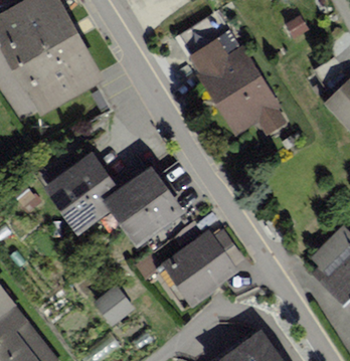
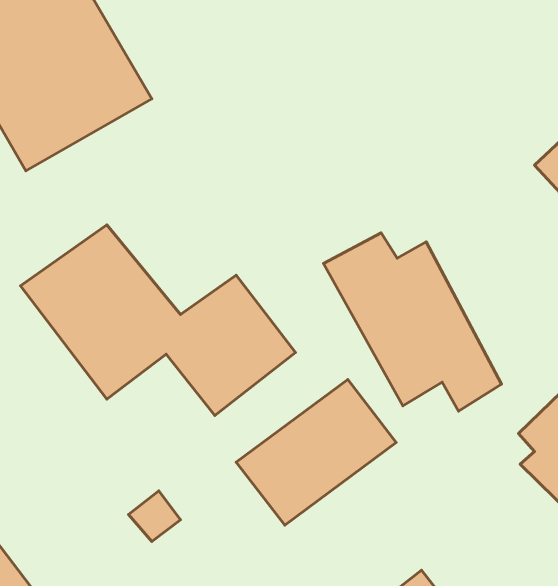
building: [185,38,285,138] -> [324,233,502,411]

